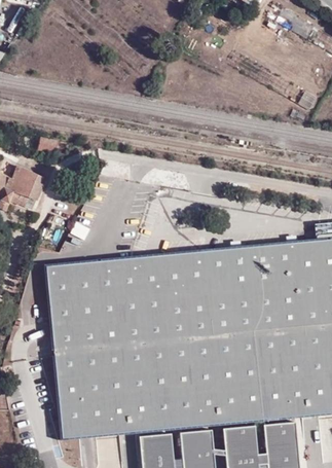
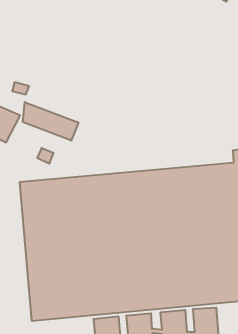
building: none -> [23,102,78,141]

